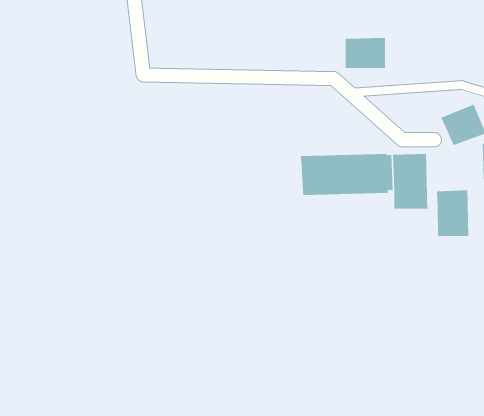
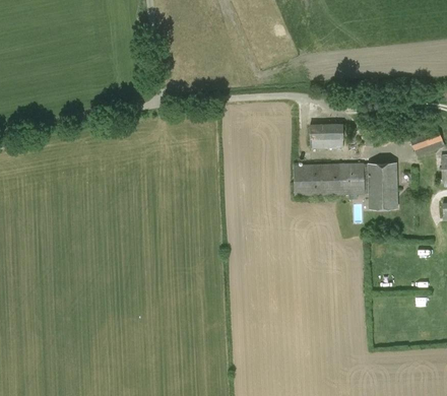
building: [345,37,386,68] -> [310,123,343,148]
building: [436,190,469,237] -> none

